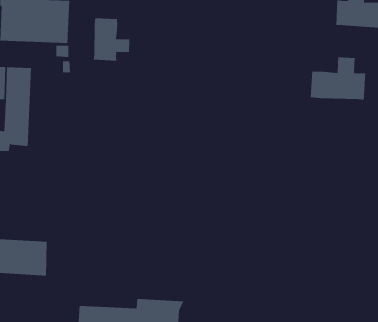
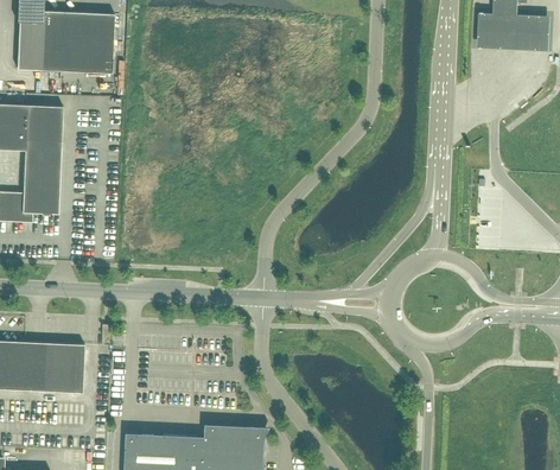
building: [93,17,130,61] -> none
building: [310,57,366,101] -> none

